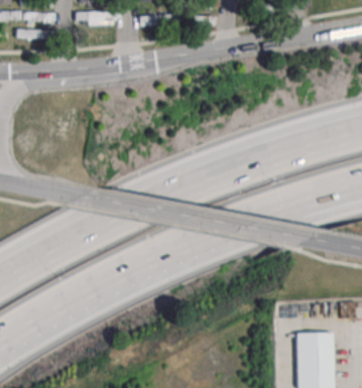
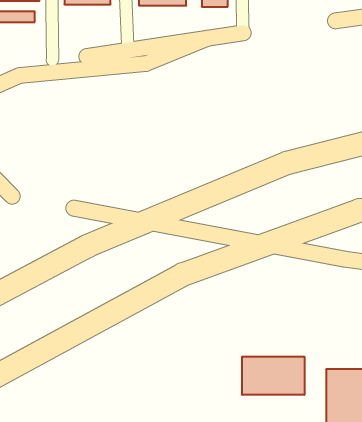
building: none -> [242,357,304,395]

